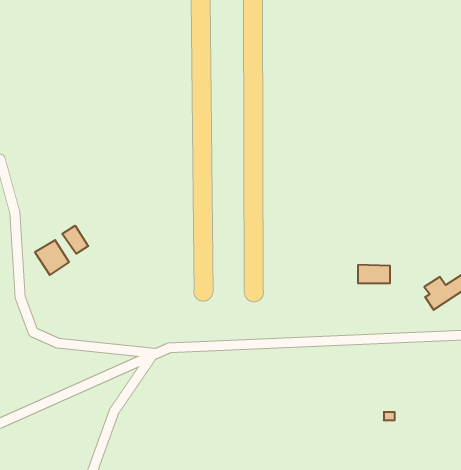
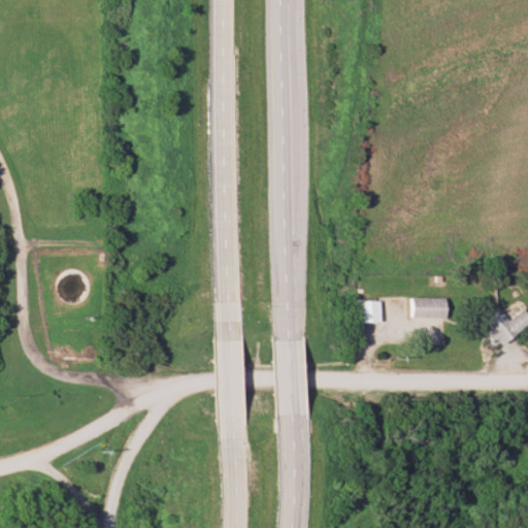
building: [62,226,88,254] -> none
building: none -> [361,300,384,323]

